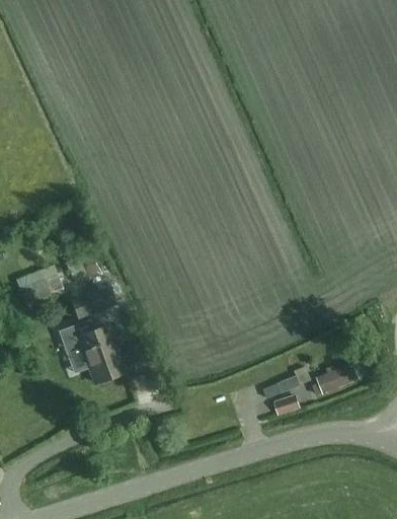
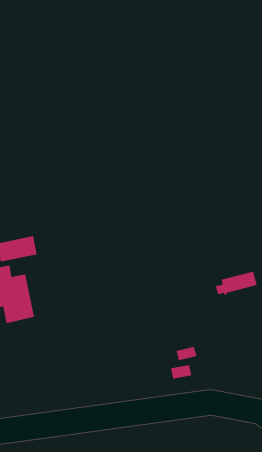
building: [314,364,359,394] -> [215,271,257,295]

